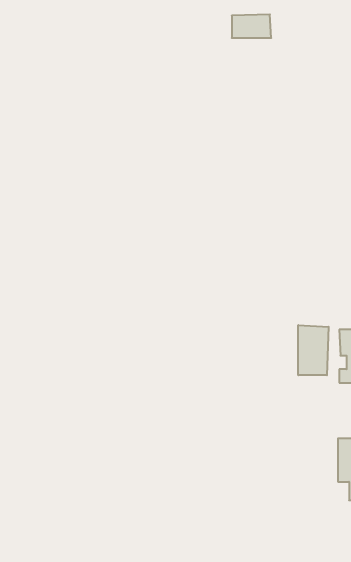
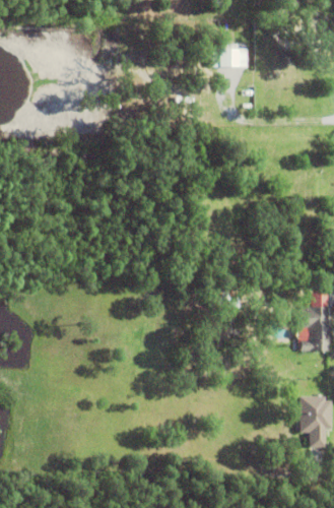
building: [298,325,329,375] -> none

